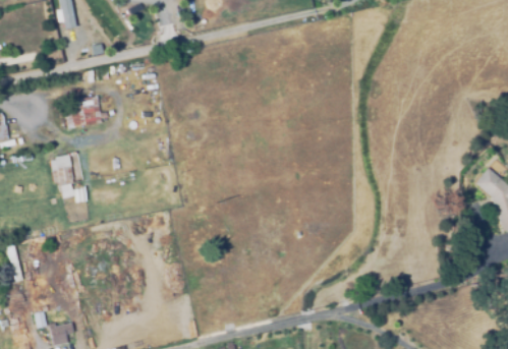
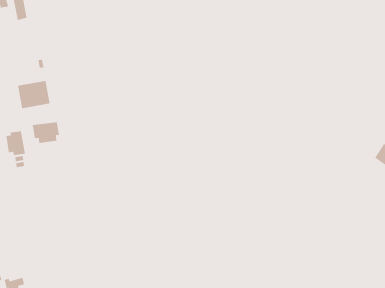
building: none -> [32,122,60,144]

